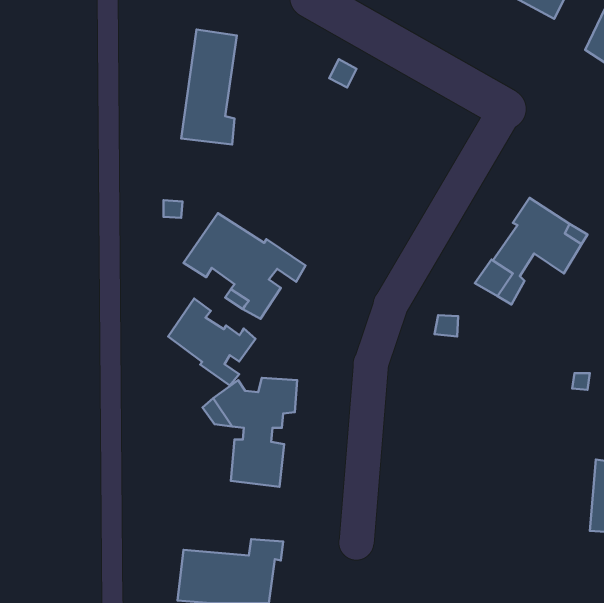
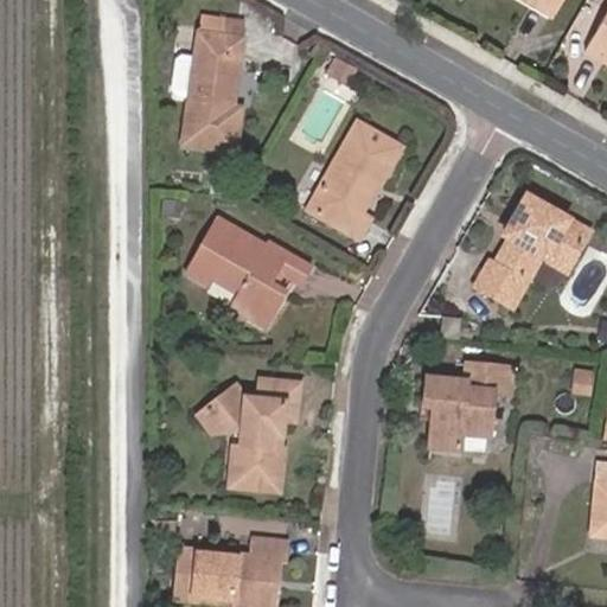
building: none -> [307,122,402,237]
building: [168,298,256,386] -> none
building: none -> [421,364,509,449]

